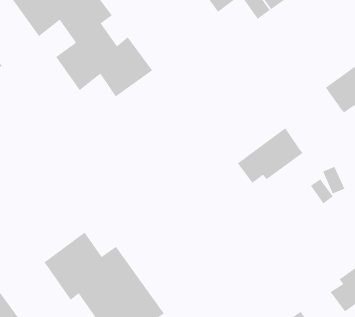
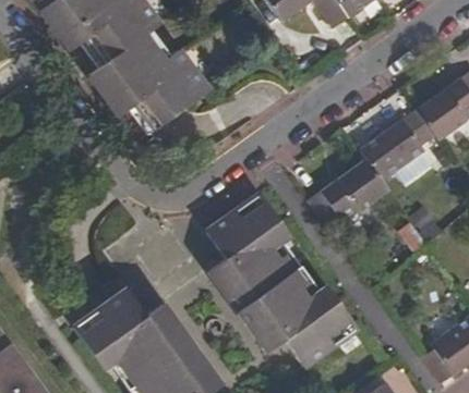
building: none -> [360,111,433,183]
building: none -> [203,192,353,366]

